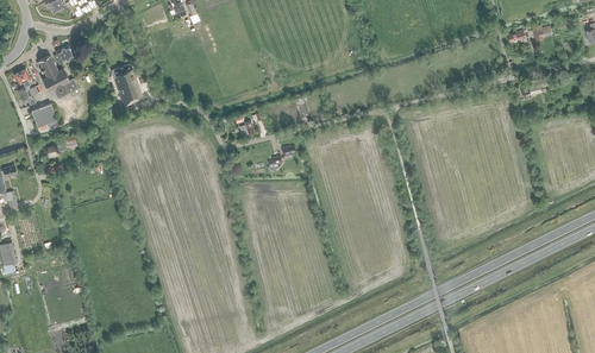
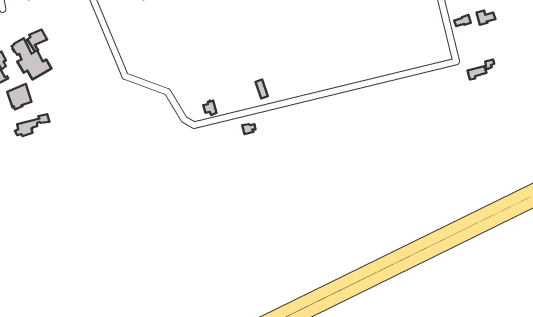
building: [111,63,143,106] -> none

